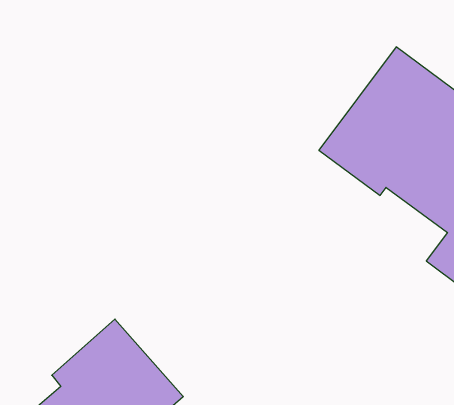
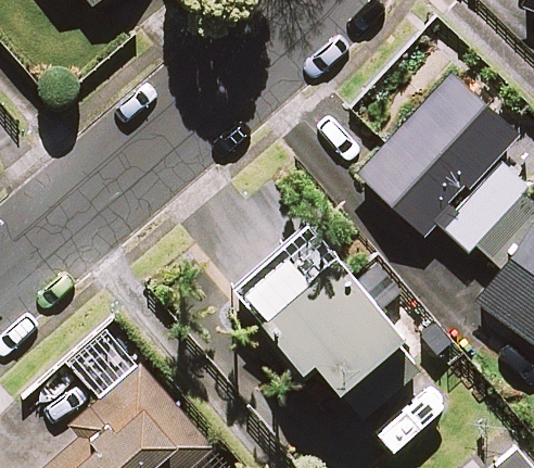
building: none -> [233,251,422,415]

